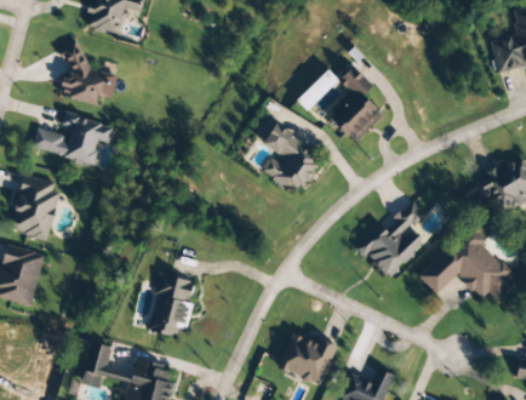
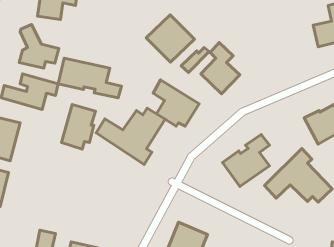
building: none -> [146,15,194,62]
building: none -> [58,58,122,98]
building: none -> [96,108,165,164]
building: [145,273,195,338] -> [61,104,95,149]

